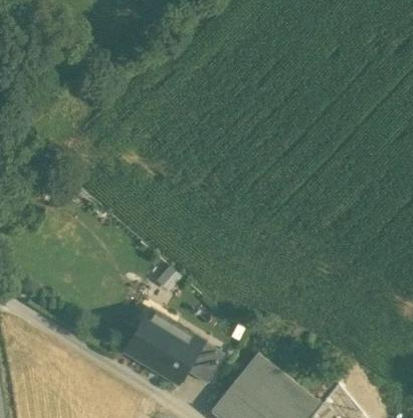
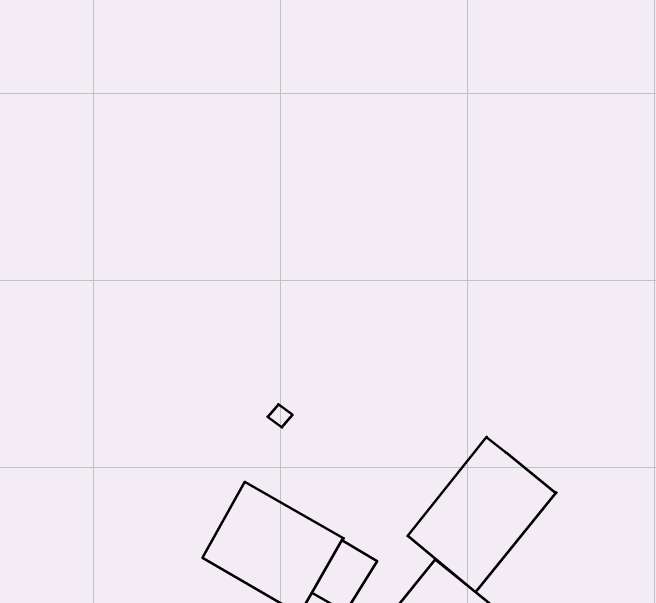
building: none -> [408,437,556,592]

